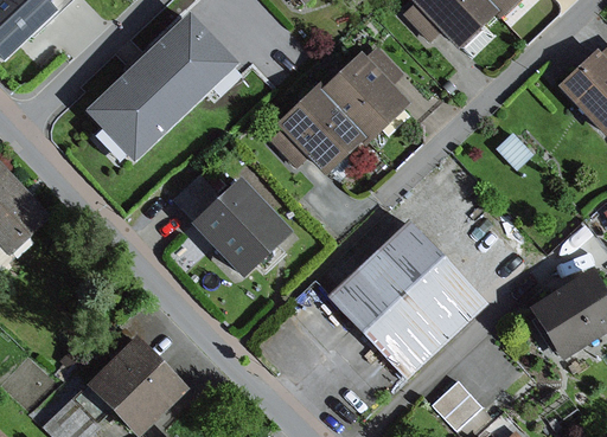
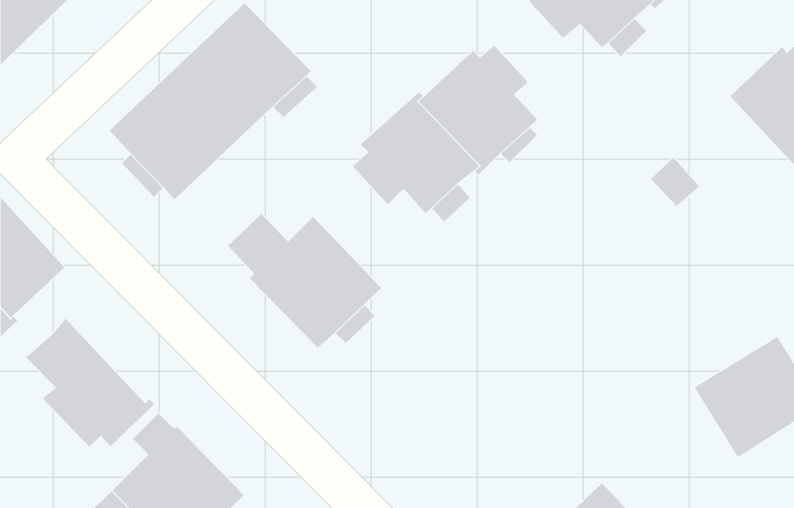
building: [328,221,487,380] -> none
building: none -> [25,318,155,448]

